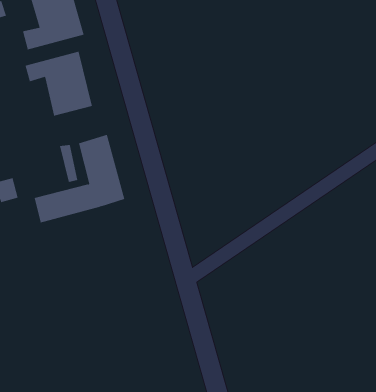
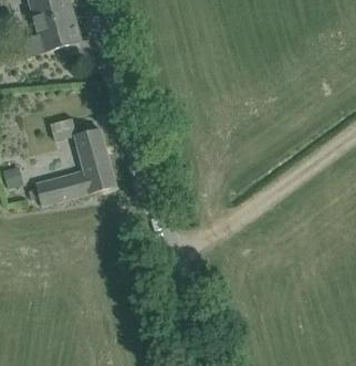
building: [25,51,93,116] -> none

